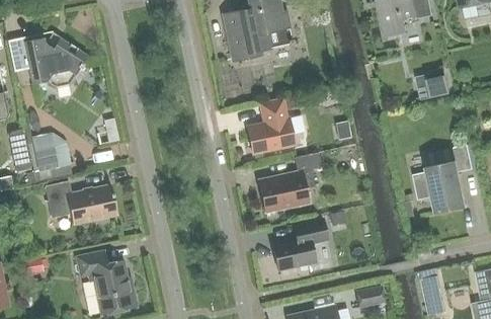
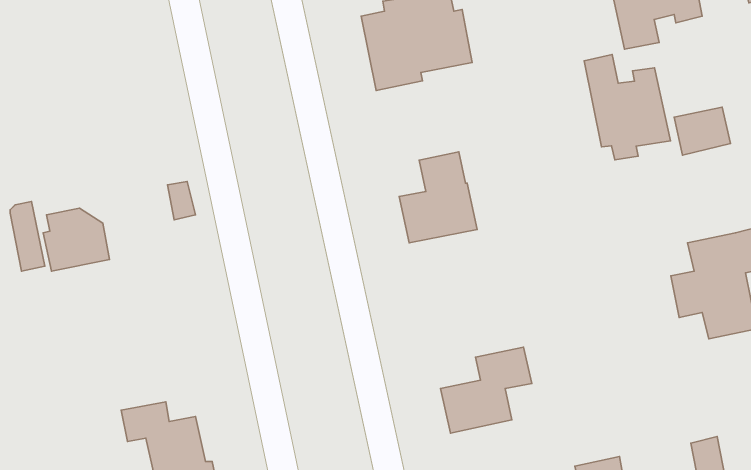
building: [23,37,87,87] -> none
building: none -> [584,55,670,160]
building: [258,153,321,212] -> none
building: [45,181,117,224] -> none

